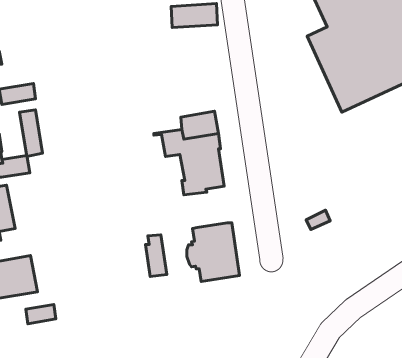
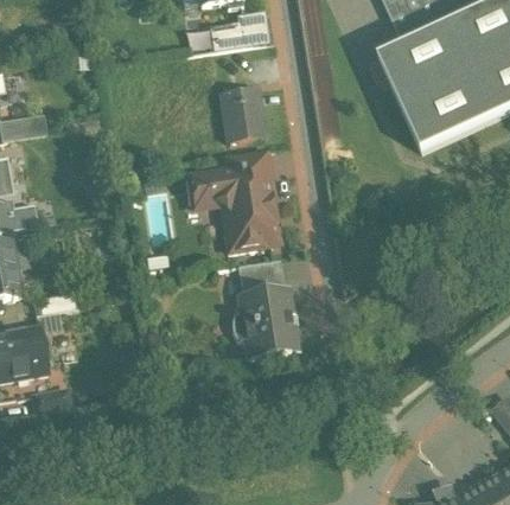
building: none -> [222,88,262,143]
building: [20,110,43,156] -> none
building: none -> [240,260,281,293]
building: [145,235,167,277] -> none

